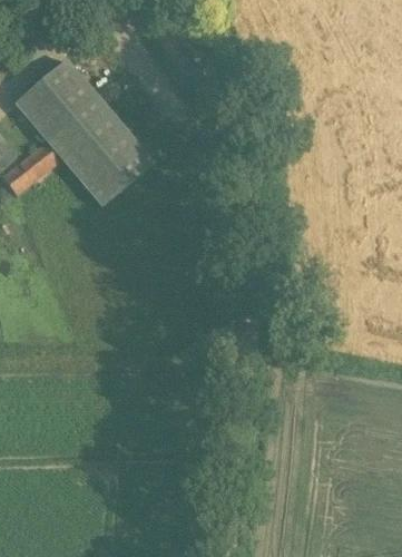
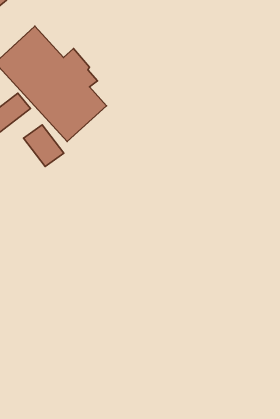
building: none -> [24,125,64,167]

